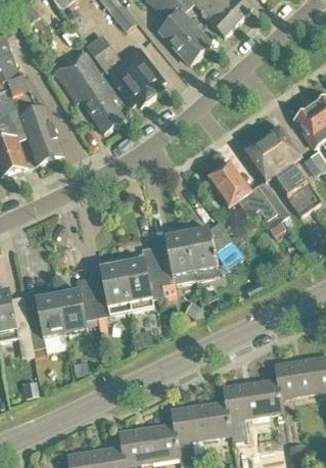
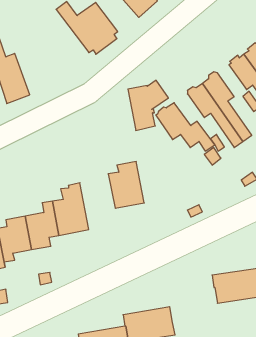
building: [54,49,124,132] -> none
building: [186,221,233,279] -> [128,80,168,130]
building: [121,245,161,310] -> none
building: [223,377,282,418] -> none

